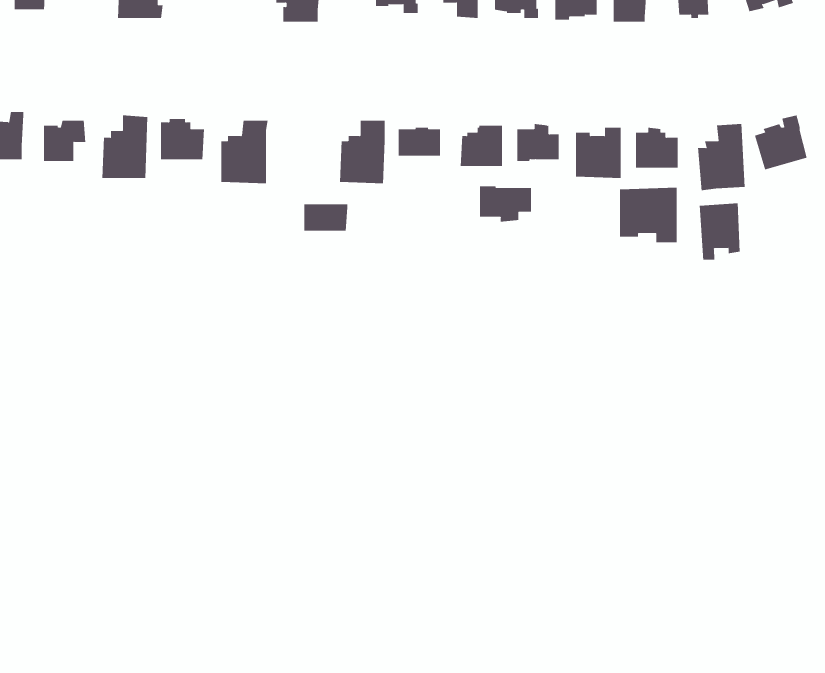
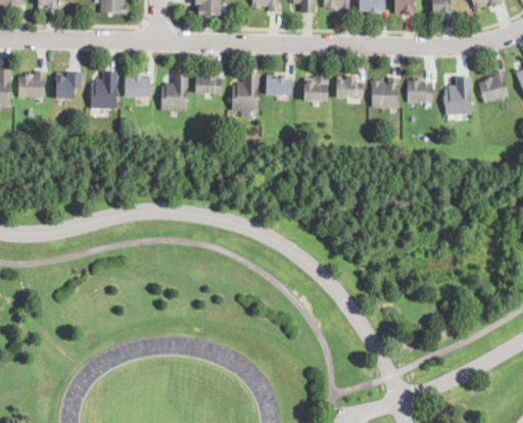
building: [480,185,531,223] -> none
building: [619,187,677,243] -> none
building: [699,202,740,261] -> none
building: [303,204,348,231] -> [194,77,221,93]

